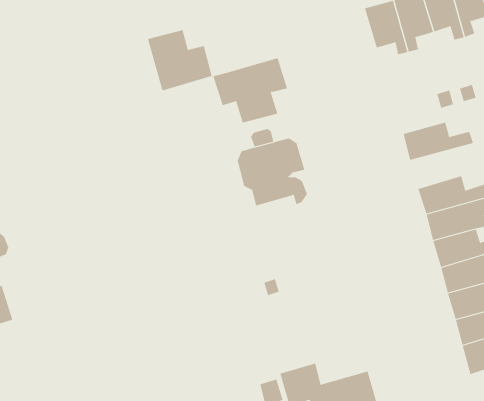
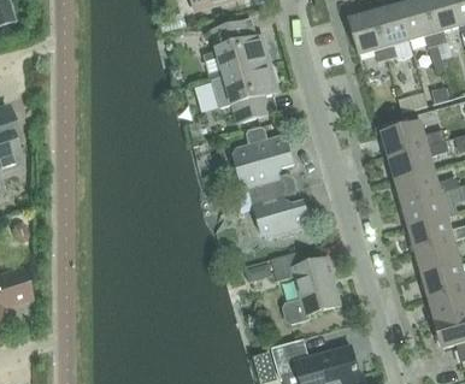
building: [147,29,213,91] -> [211,20,270,76]
building: none -> [388,140,448,181]
building: none -> [249,187,310,236]
building: none -> [271,249,340,324]

